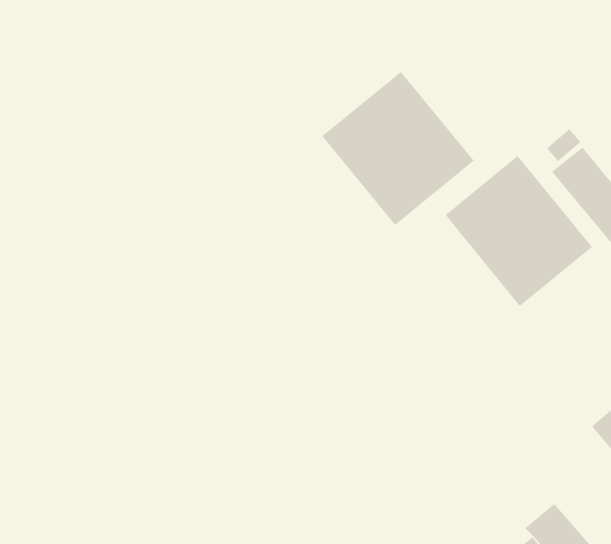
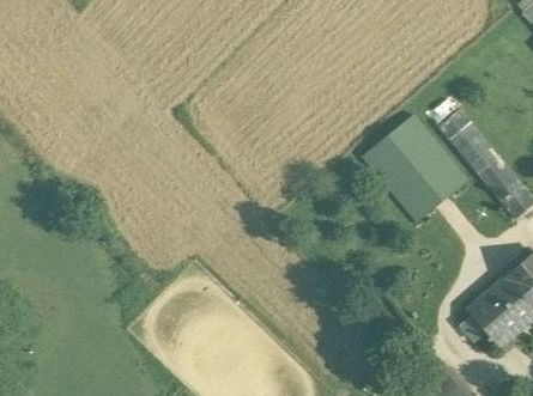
building: [322,71,474,226] -> none

